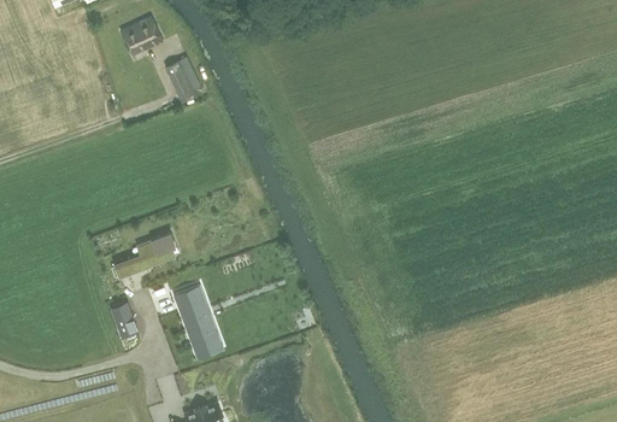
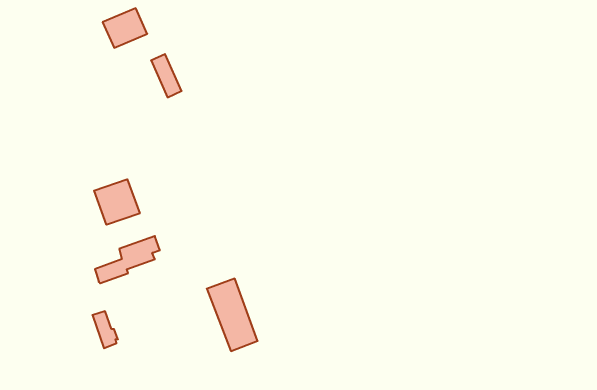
building: none -> [94,179,140,225]
building: [174,285,222,353] -> [207,279,258,351]

